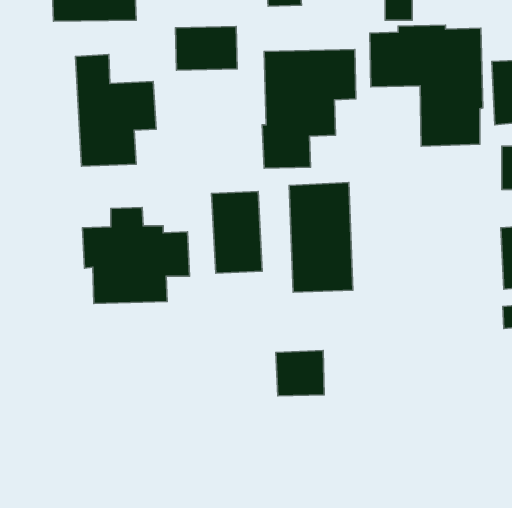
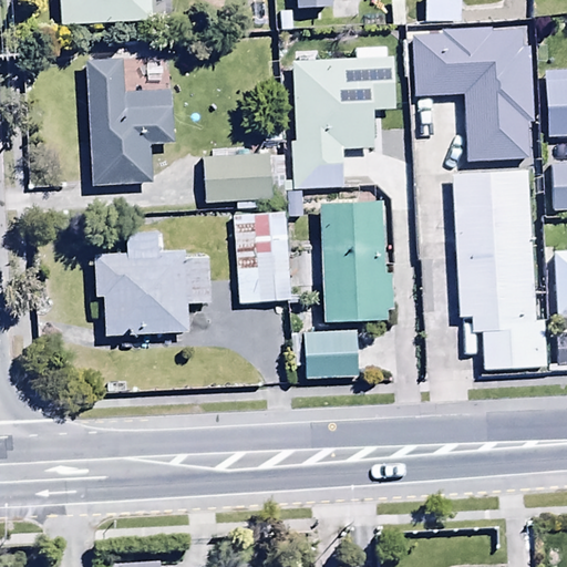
building: [176,27,237,70] -> [205,153,272,200]
building: none -> [454,171,546,369]
building: [276,351,324,396] -> [305,328,358,378]

